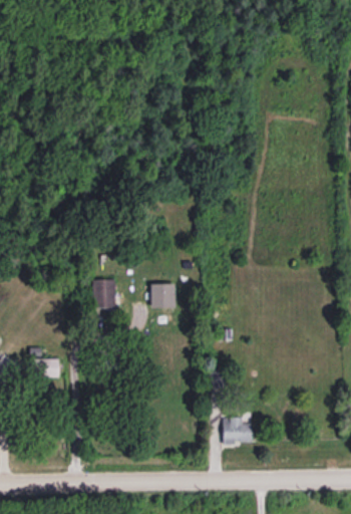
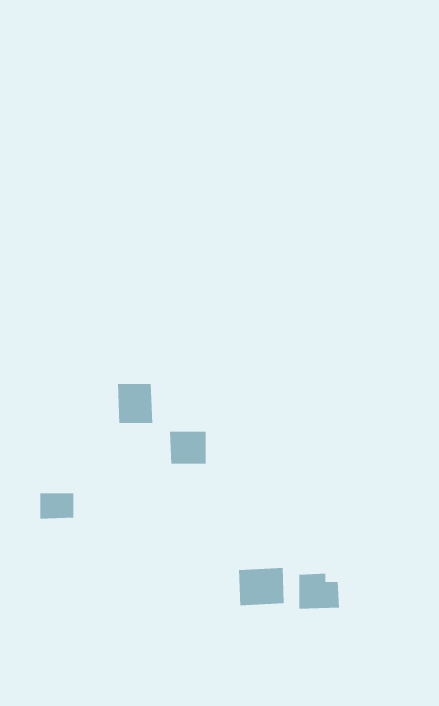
building: [150,283,178,307] -> [169,431,207,464]
building: none -> [239,567,284,606]

